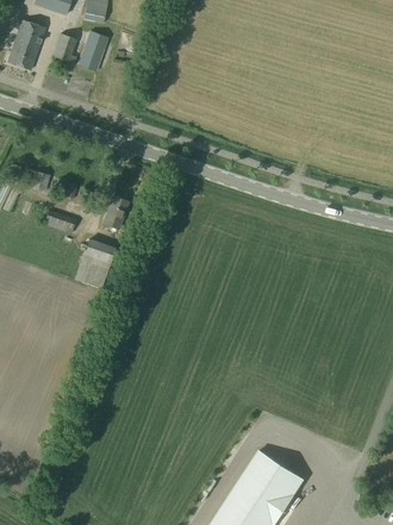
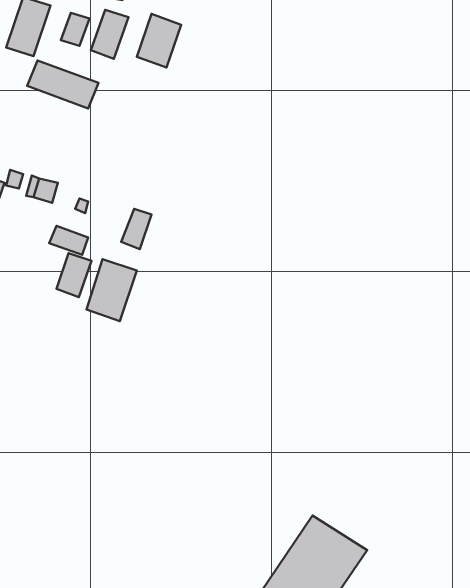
building: none -> [137,14,181,68]
building: none -> [27,60,98,108]
building: none -> [56,253,91,297]

